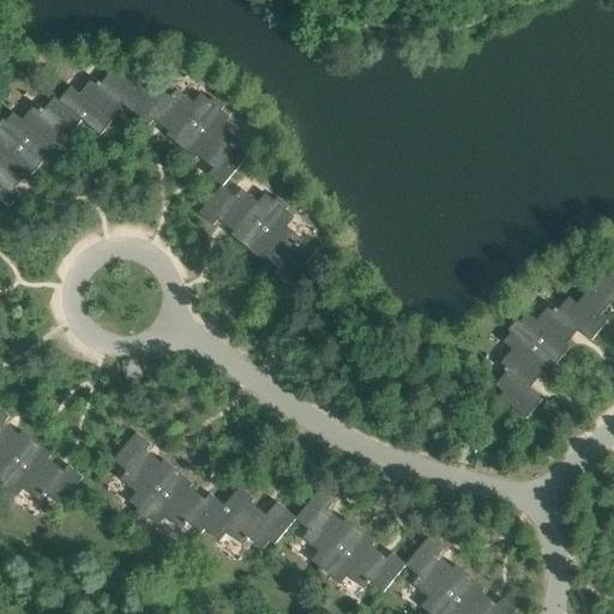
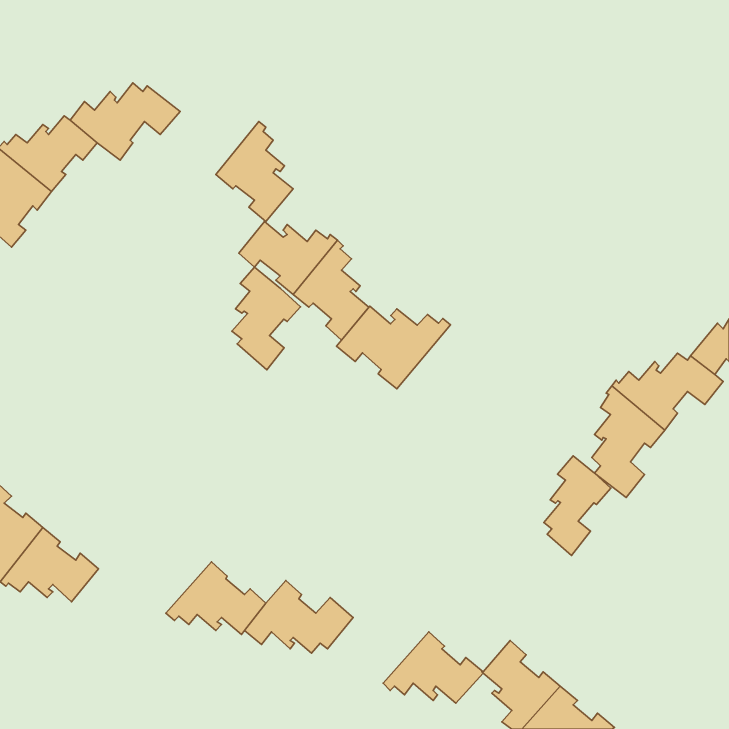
building: [134,86,217,146] -> none
building: none -> [232,267,300,370]
building: none -> [337,306,450,389]
building: none -> [544,456,611,556]
building: [114,433,177,514] -> none
building: [295,490,360,573] -> none

